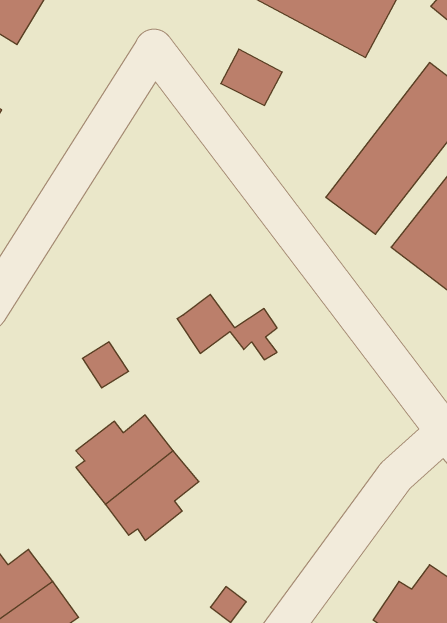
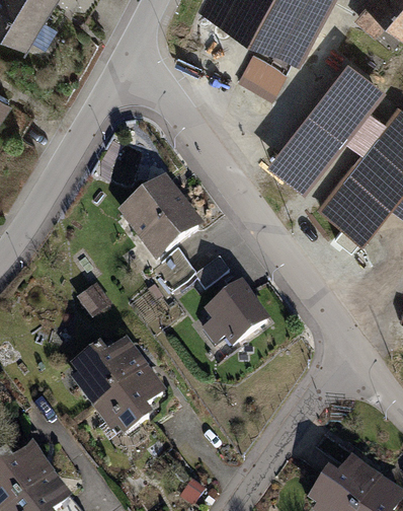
building: [221,49,282,105] -> [237,52,286,96]
building: none -> [118,175,203,261]
building: none -> [202,280,270,345]

